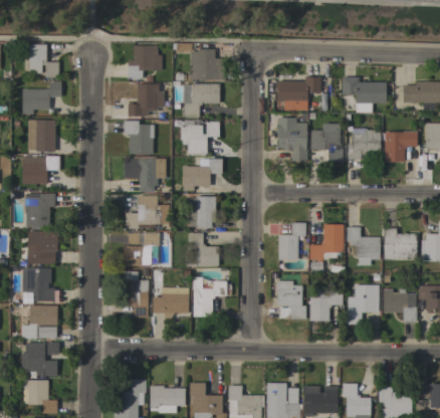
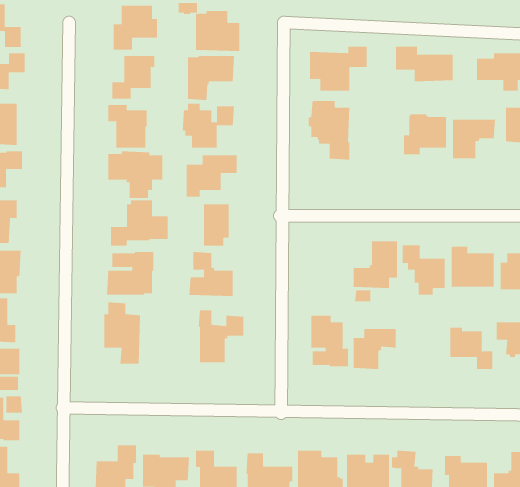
building: [310,124,343,162] -> none
building: [278,222,305,260] -> none
building: [348,284,379,325] -> none
building: [152,287,189,319] -> none

